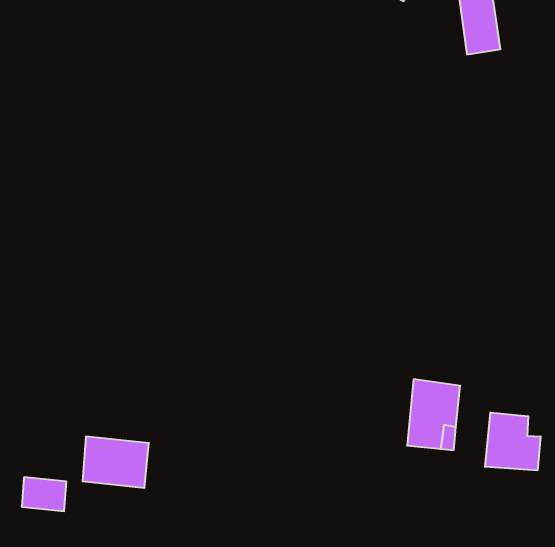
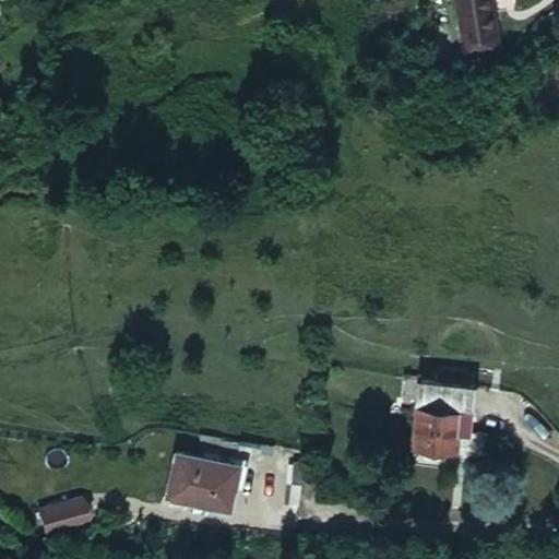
building: [485,412,541,470] -> none
building: [83,437,149,488] -> [168,468,235,520]

